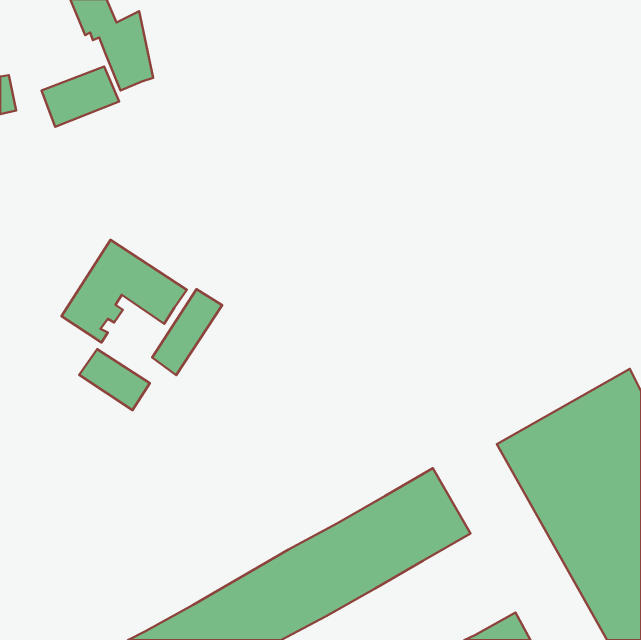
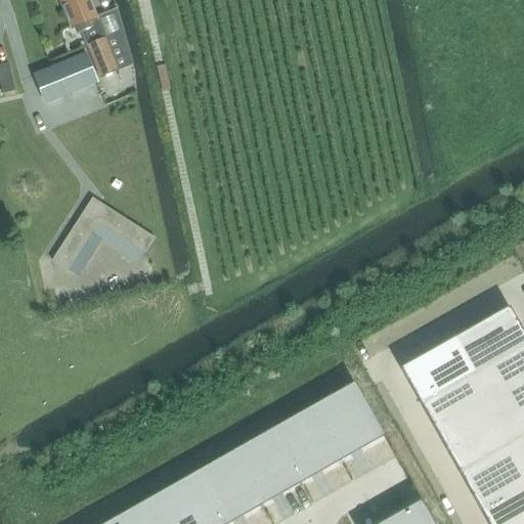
building: [152,289,222,375] -> none
building: [79,349,150,410] -> none

